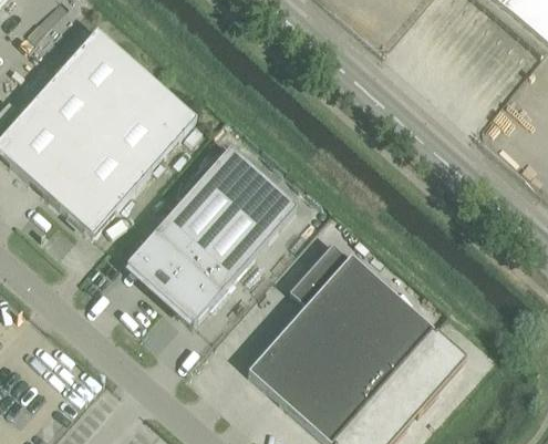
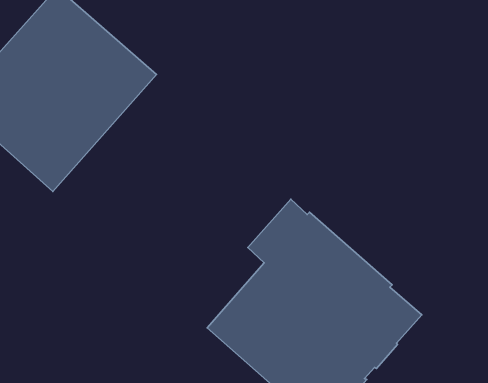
building: [126,145,297,321] -> none

